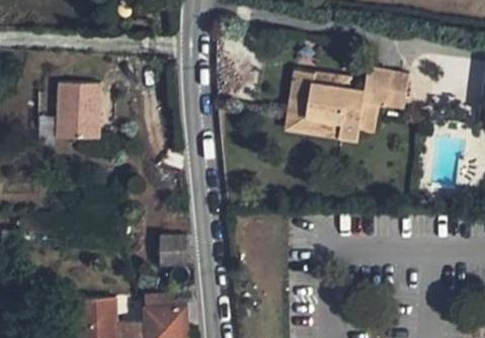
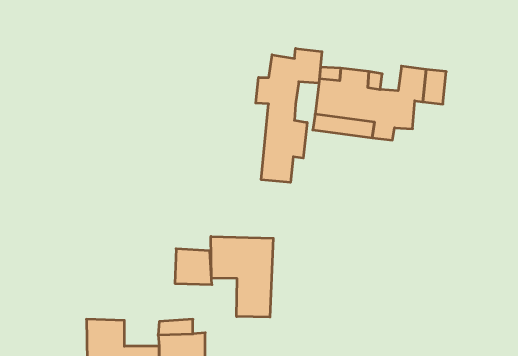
building: none -> [256,48,322,182]
building: [57,81,98,135] -> none
building: none -> [211,236,273,317]

